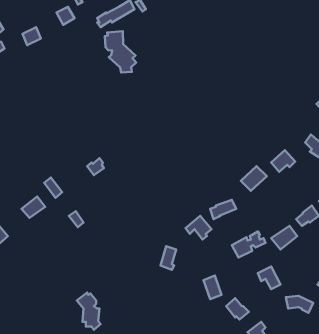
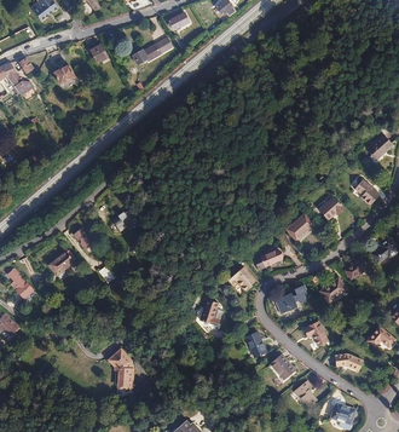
building: [105,31,136,72] -> none

